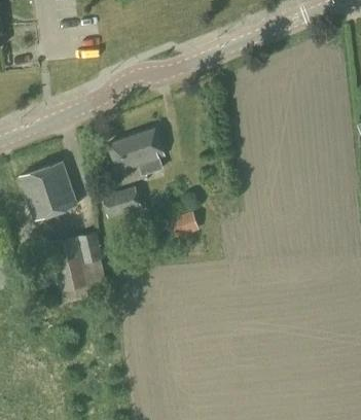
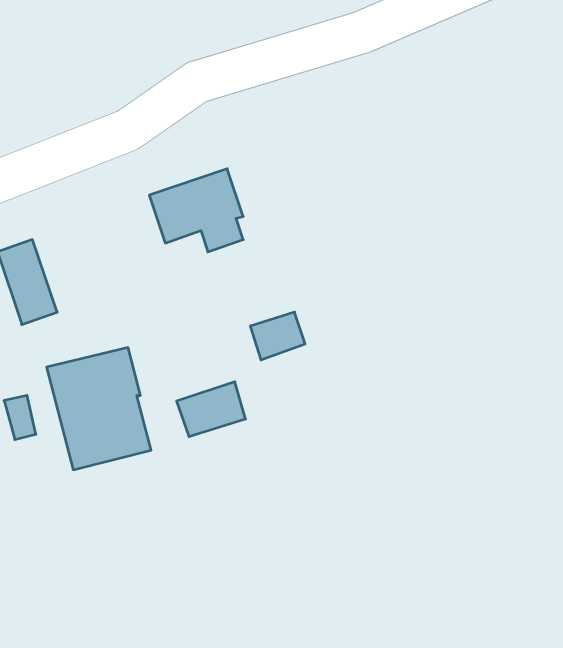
building: [40,162,76,211] -> none
building: [101,186,141,218] -> [177,382,246,437]

